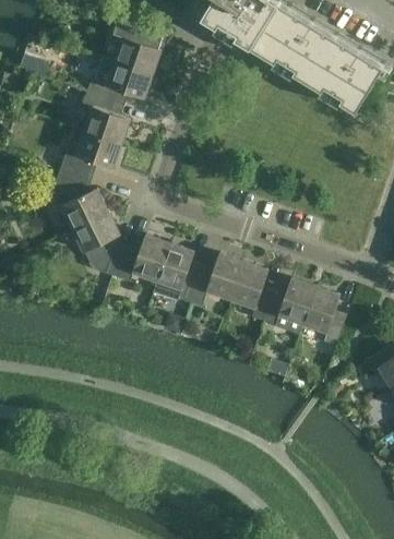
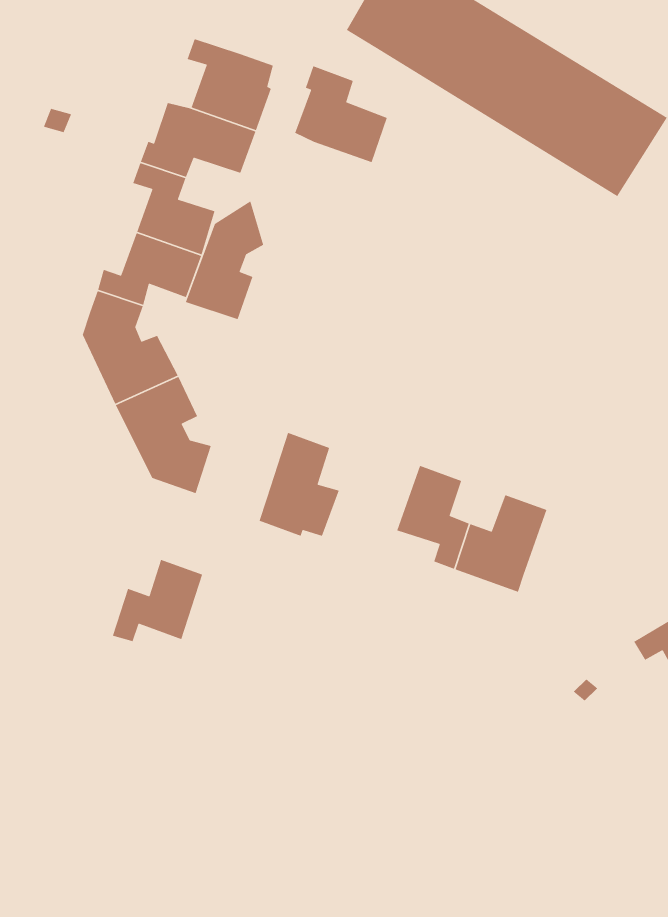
building: none -> [294,65,388,163]
building: none -> [185,200,264,320]
building: [118,235,169,282] -> [112,559,203,642]
building: [189,253,243,307] -> none
building: [302,287,344,346] -> none

